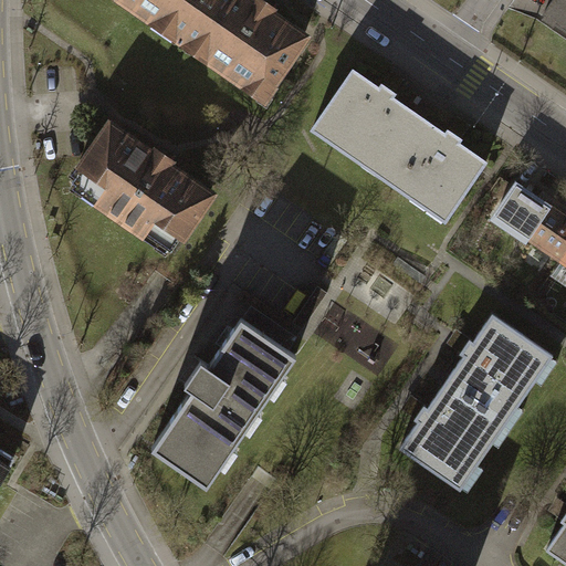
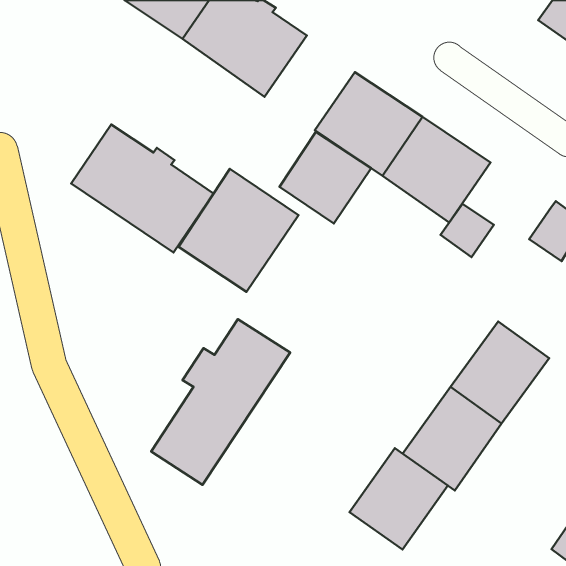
building: none -> [280,132,371,223]
building: none -> [178,169,299,292]
building: [497,187,551,240] -> [440,204,494,257]
building: none -> [349,448,448,549]

